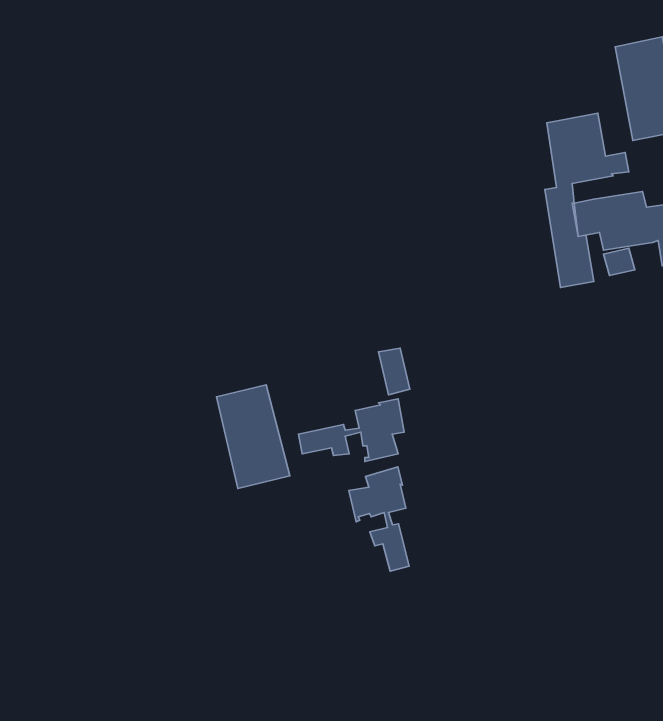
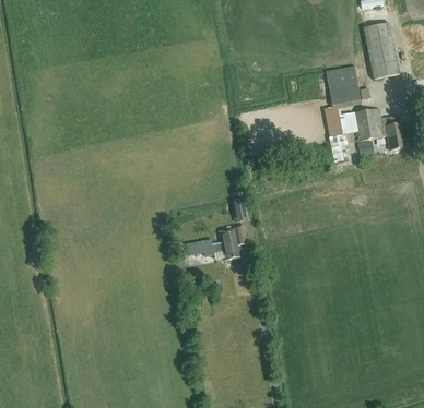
building: [216,385,290,488] -> none
building: [349,467,409,571] -> none

